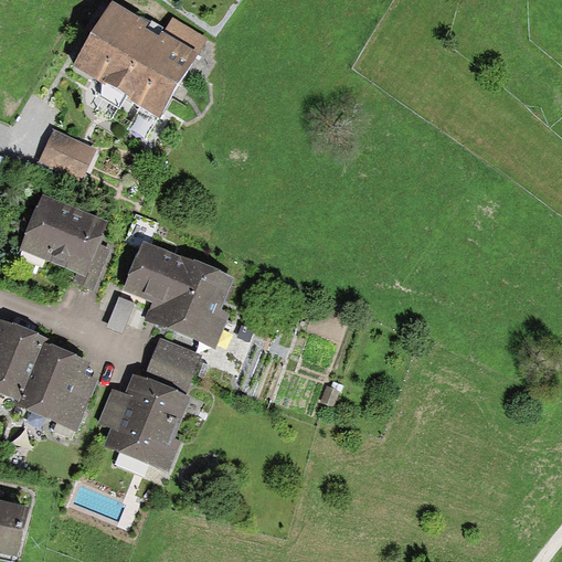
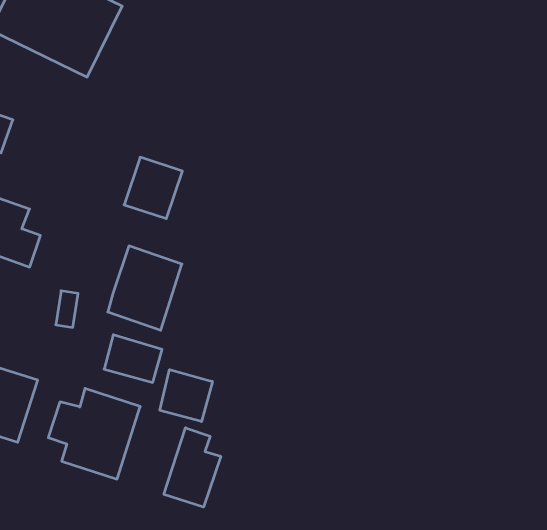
building: [129,246,181,300] -> [124,157,182,219]
building: none -> [160,370,212,422]
building: none -> [164,428,221,507]

